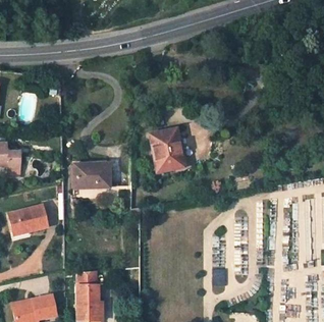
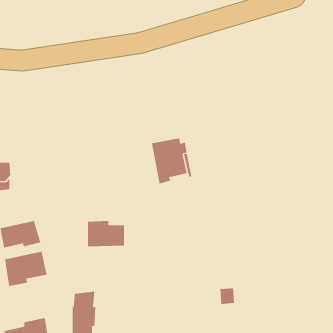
building: [74,163,109,187] -> [87,220,125,247]
building: none -> [4,251,47,287]

